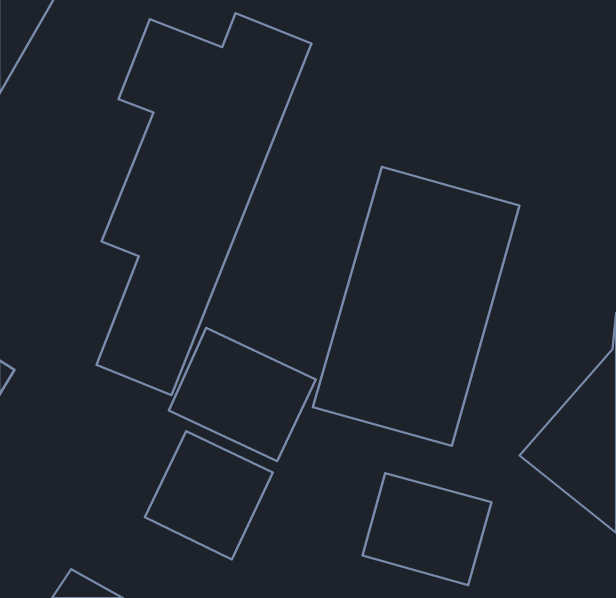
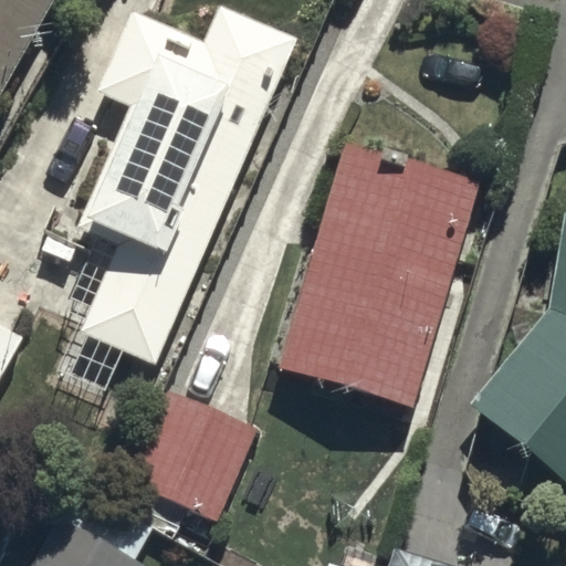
building: [169,328,316,461] -> none
building: [363,473,491,585] -> none

